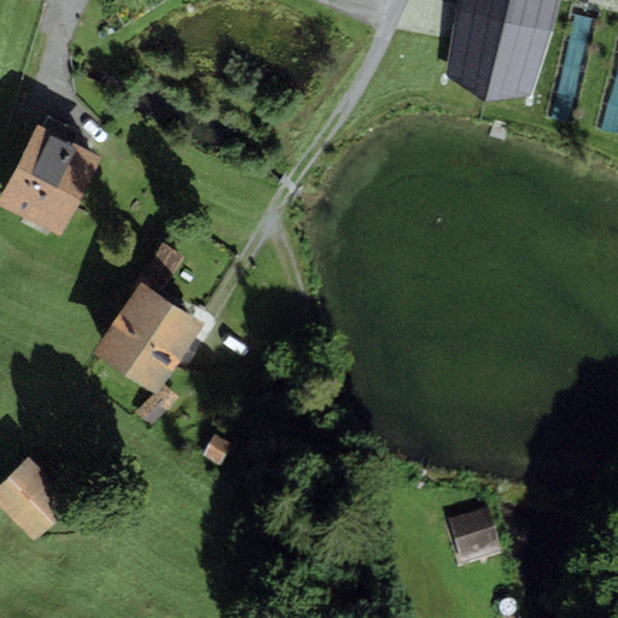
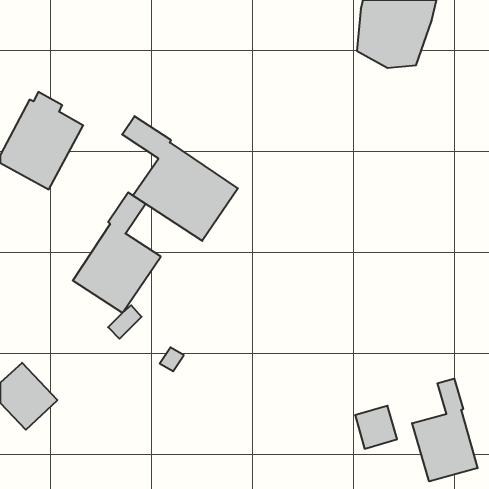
building: none -> [122,116,238,241]
building: none -> [412,378,478,481]

